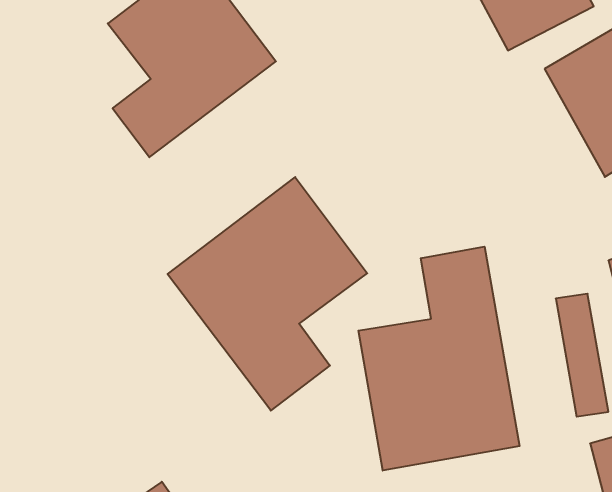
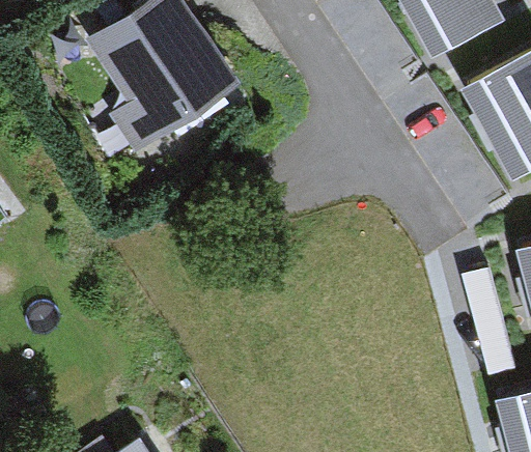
building: [168,177,367,411] -> none
building: [358,247,520,471] -> none

